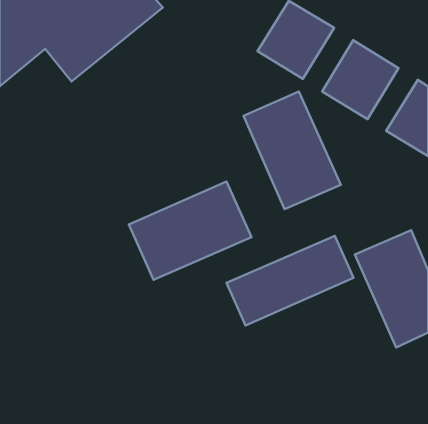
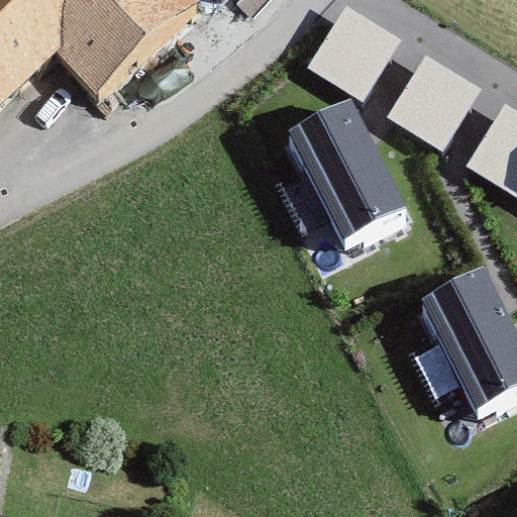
building: [129,182,252,280] -> none
building: [226,236,353,325] -> none

